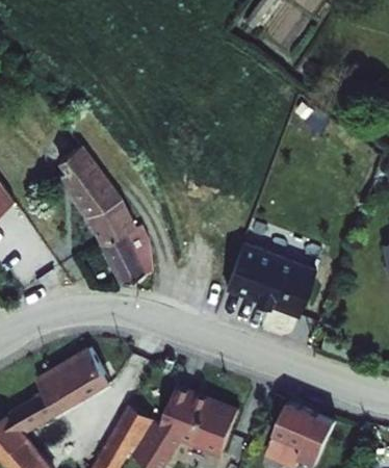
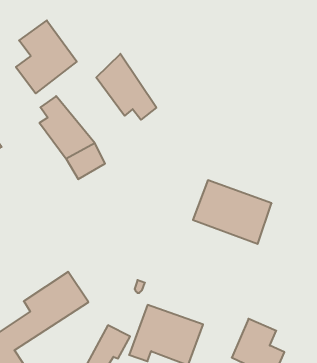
building: none -> [16,20,77,93]
building: none -> [96,54,156,120]
building: [99,220,153,286] -> none

